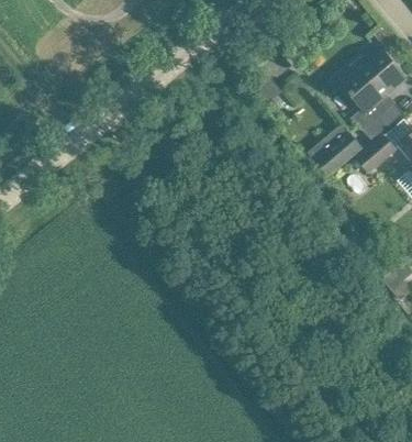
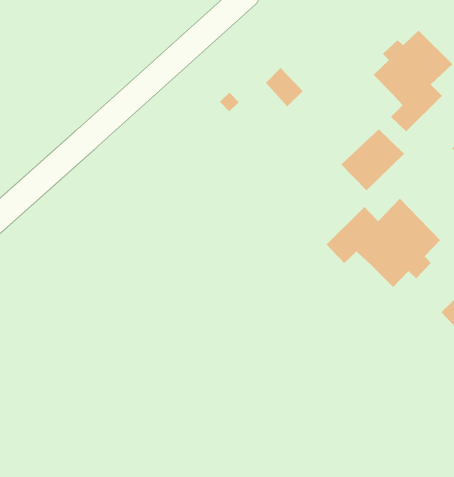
building: [358,137,397,174] -> none
building: none -> [326,198,441,288]

